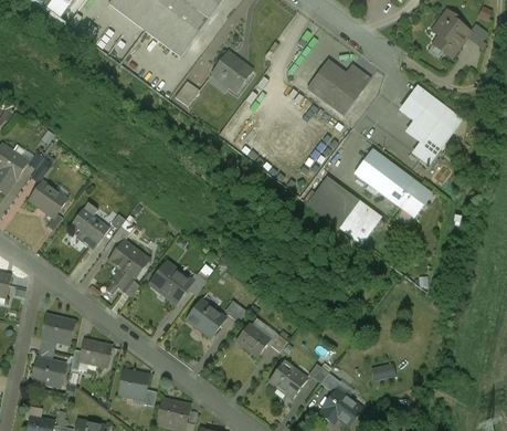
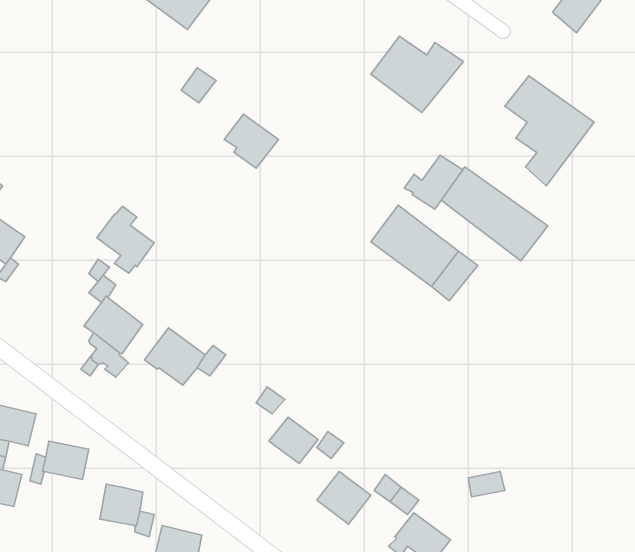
building: [213,52,251,90] -> [224,114,278,168]
building: none -> [404,155,463,209]
building: [70,201,109,248] -> [97,206,154,273]
building: [186,298,225,337] -> none

